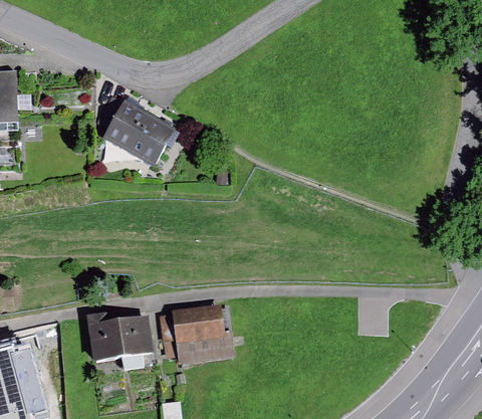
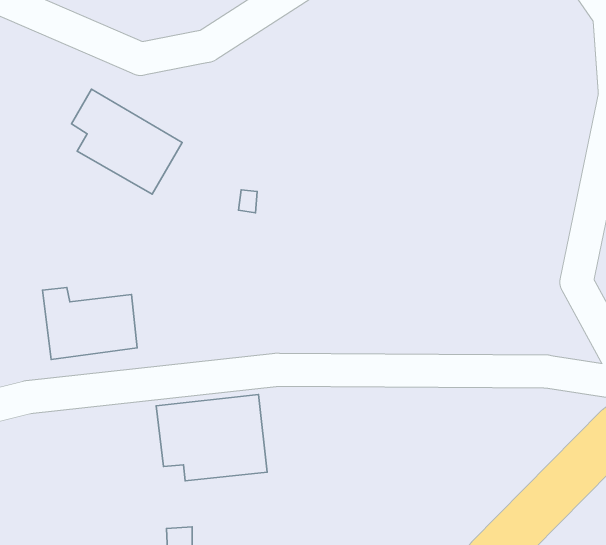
building: [85,311,152,362] -> [42,287,137,359]

